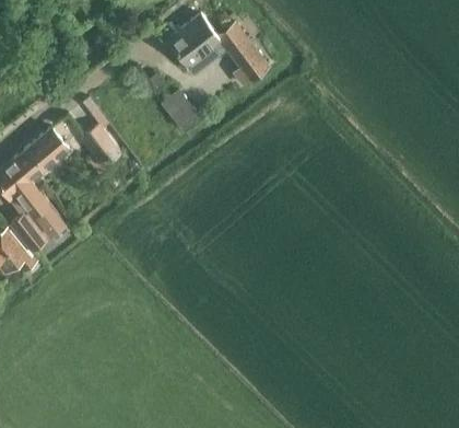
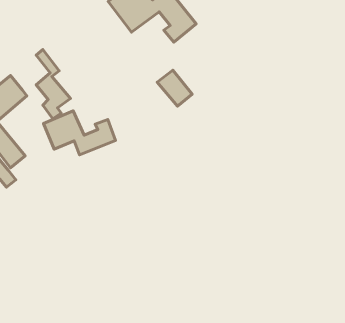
building: [161,90,202,132] -> [157,70,192,106]
building: none -> [44,111,115,155]

